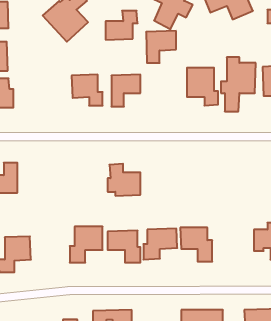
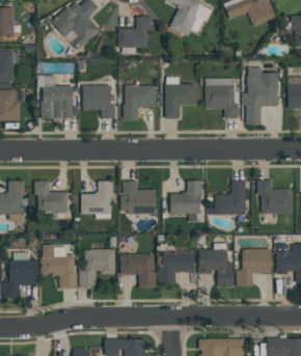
building: [146,31,176,63] -> [164,84,196,118]
building: none -> [42,86,74,119]
building: none -> [35,180,69,212]
building: none -> [215,180,250,215]
building: none -> [257,180,290,214]
building: none -> [169,181,202,214]
building: none -> [81,182,113,214]
building: none -> [43,244,77,286]
building: none -> [237,249,270,286]

